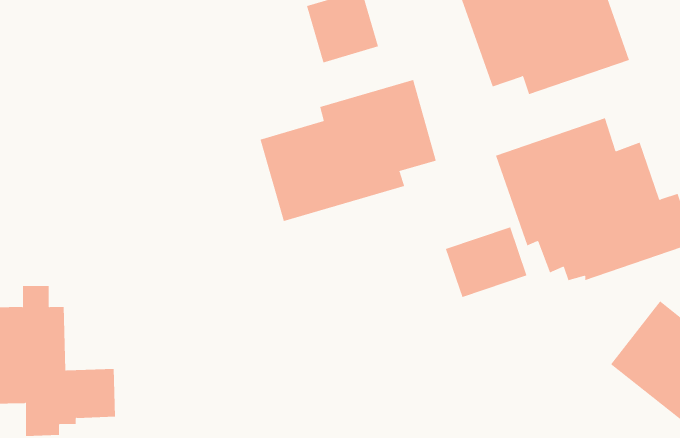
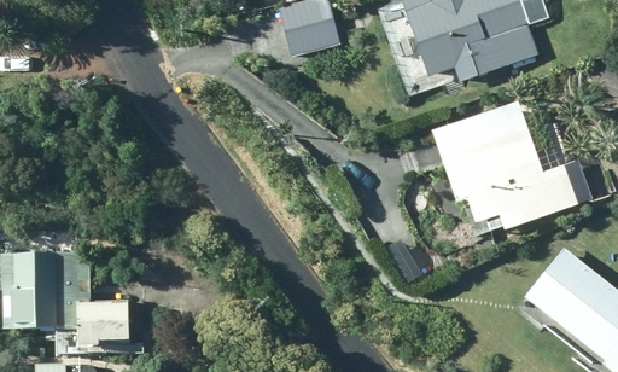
building: [260,79,436,222] -> none
building: [445,227,527,298] -> none

